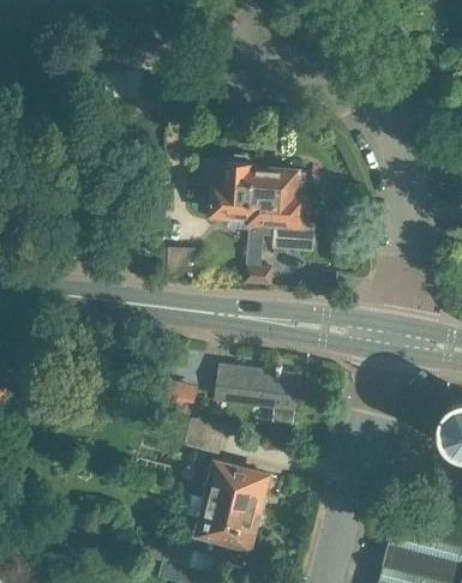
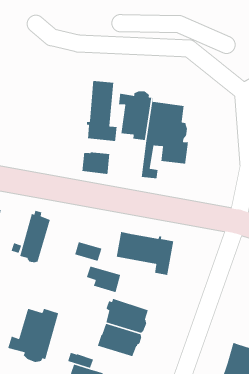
building: none -> [86,80,117,142]
building: none -> [19,210,51,263]
building: none -> [7,308,59,363]

